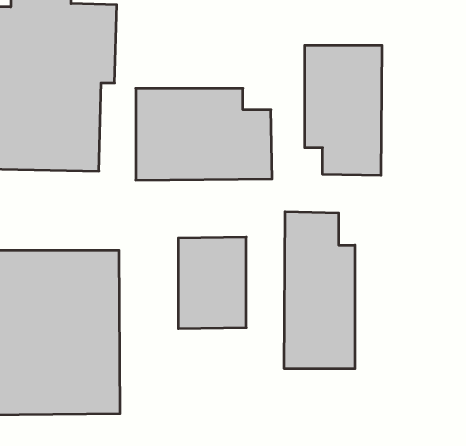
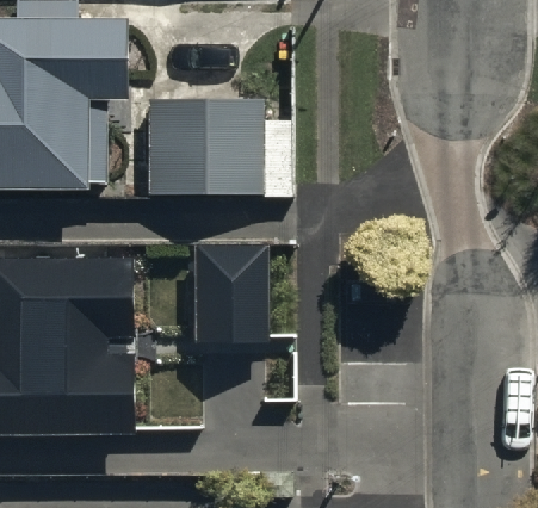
building: [305,45,382,175] -> none
building: [284,212,355,369] -> none

